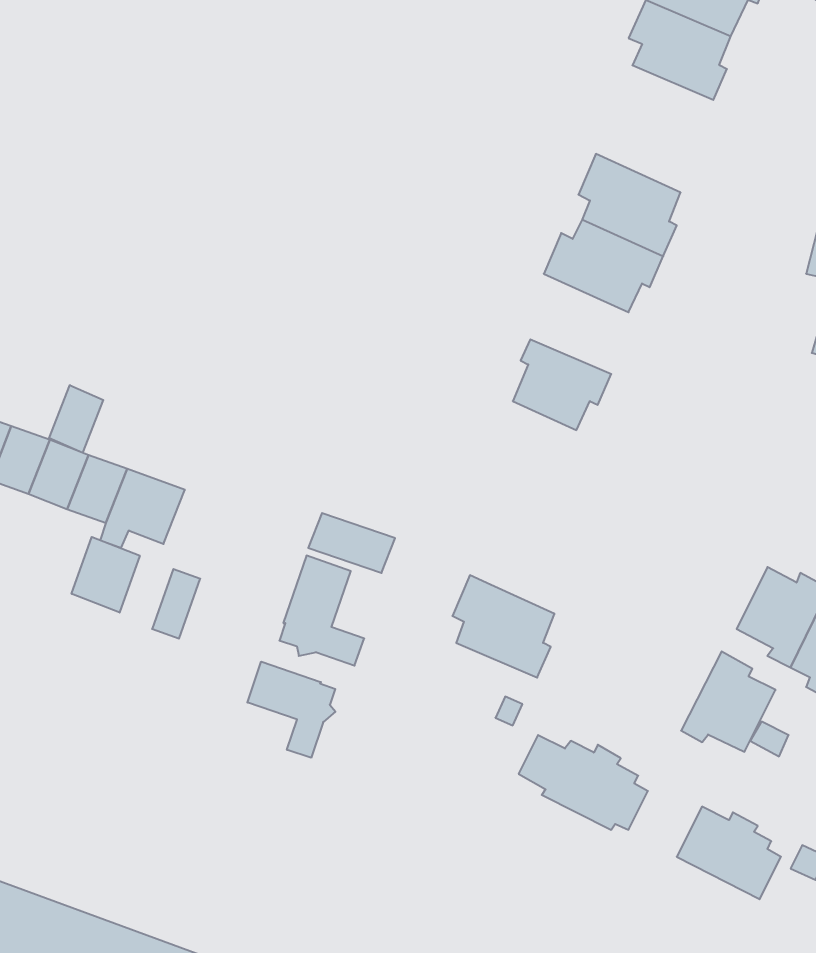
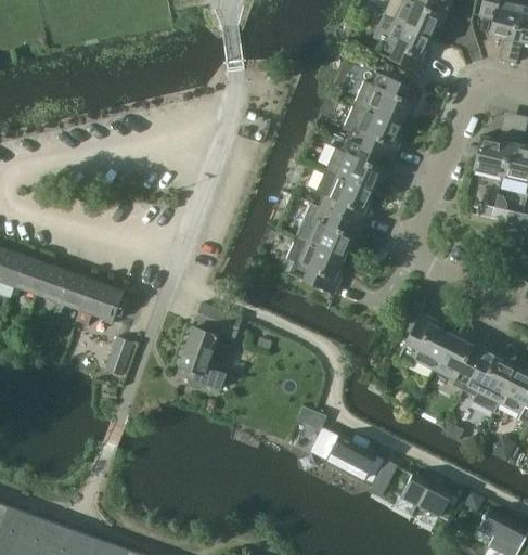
building: none -> [355,72,422,124]
building: none -> [315,169,373,225]
building: [49,385,103,453] -> none
building: [72,537,140,613] -> none
building: [452,575,555,678] -> [286,235,344,293]
building: [681,651,776,752] -> [398,312,451,369]
building: [247,662,335,758] -> none

